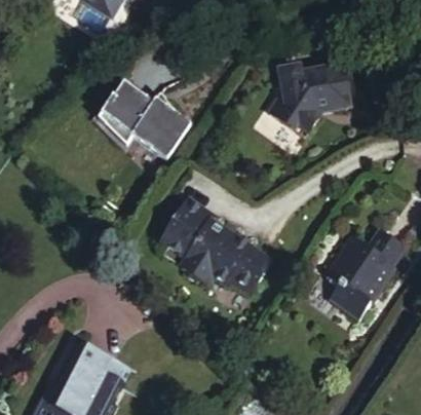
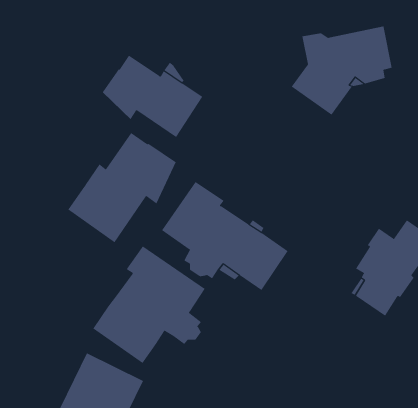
building: none -> [68,132,177,243]
building: none -> [92,245,206,364]

